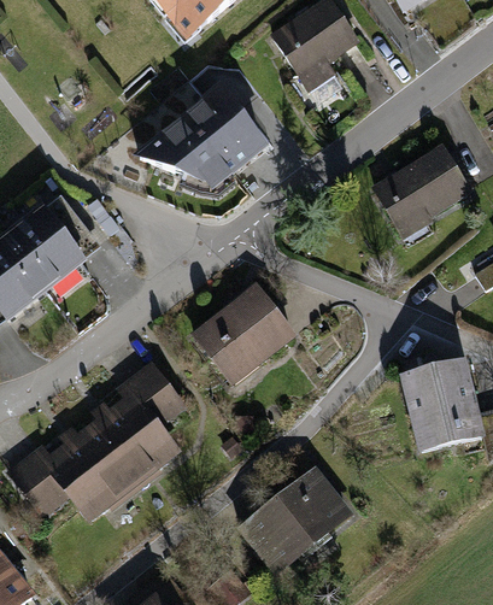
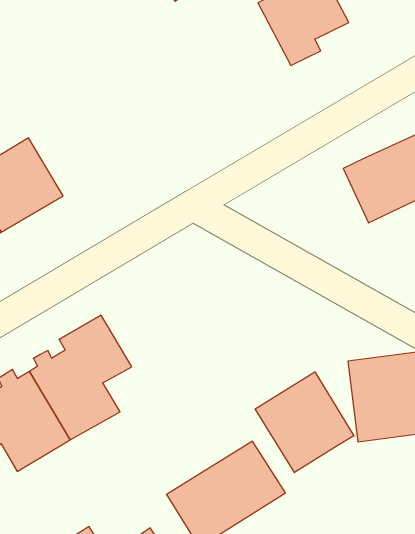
building: [131,83,270,190] -> none
building: [190,281,298,384] -> none
building: none -> [255,372,354,473]

